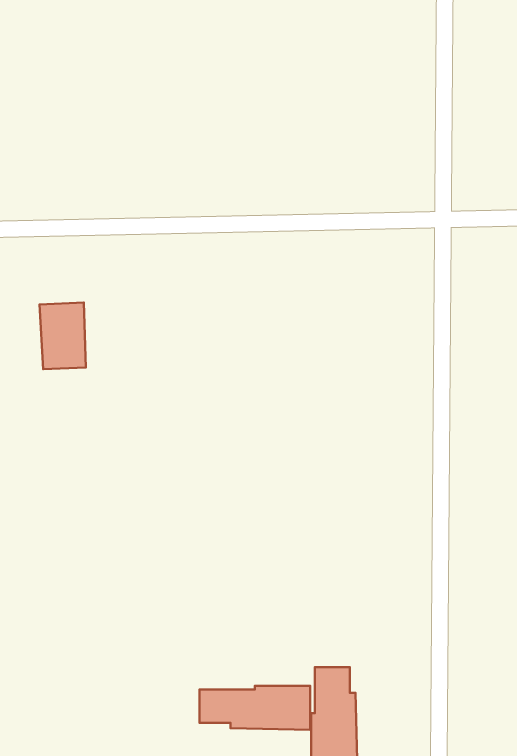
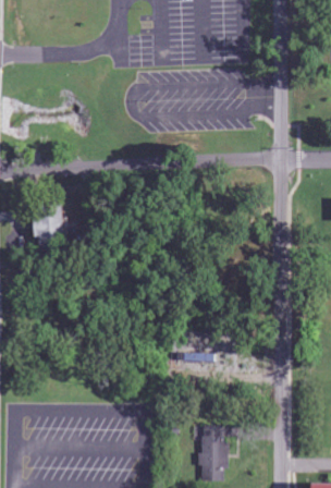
building: [200,686,310,730] -> none

